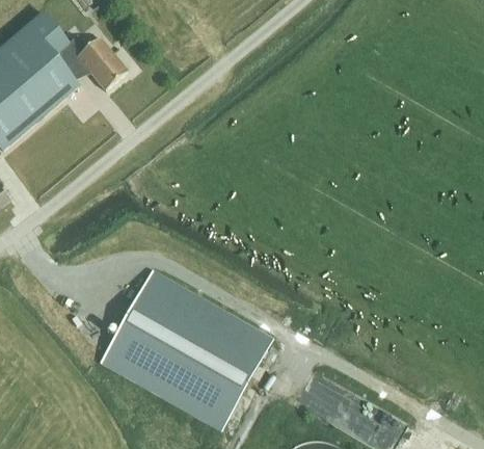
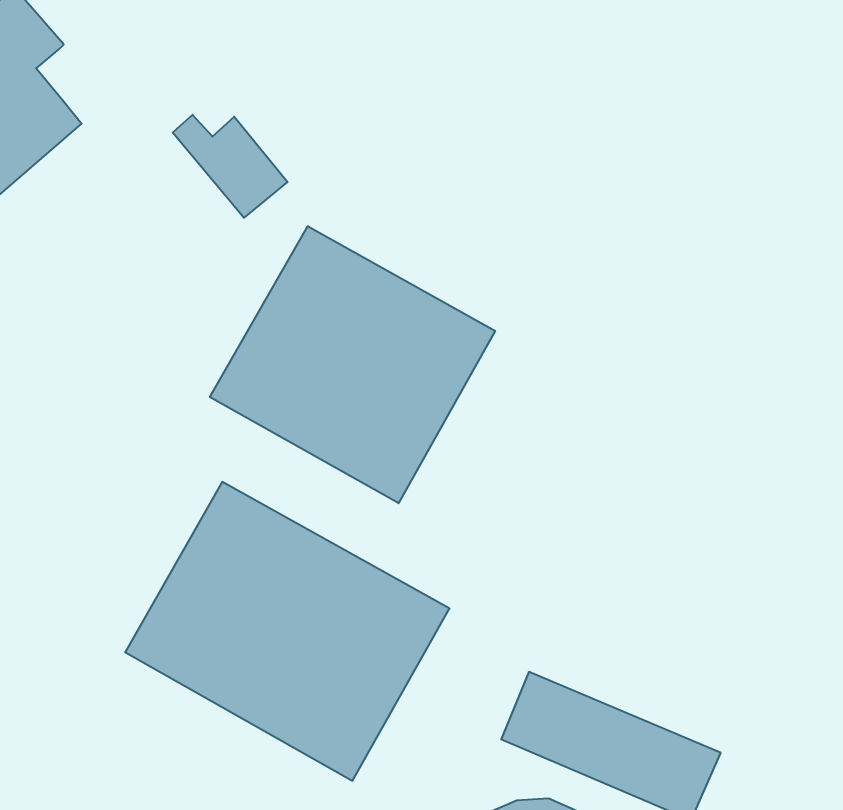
building: [66,35,127,89] -> [173,115,288,218]
building: none -> [210,226,495,503]

